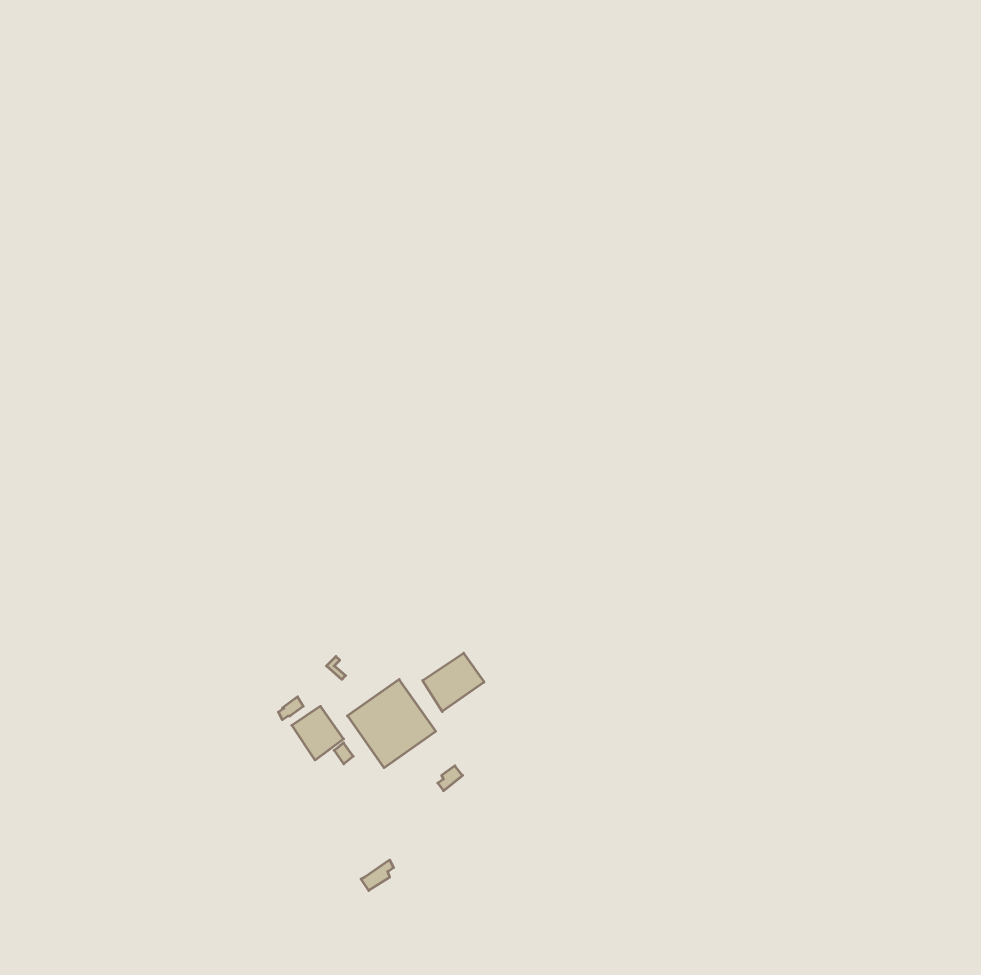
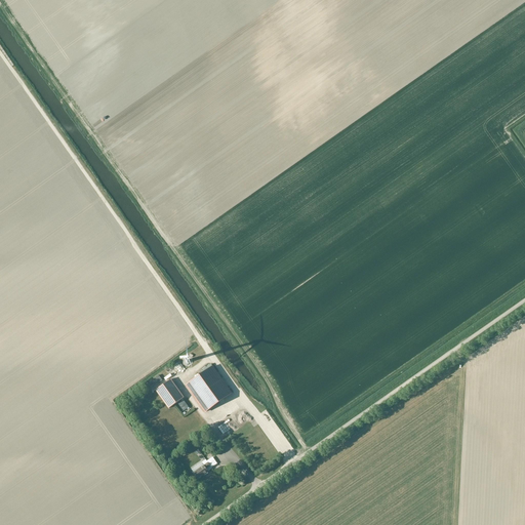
building: [423,653,484,712] -> none

